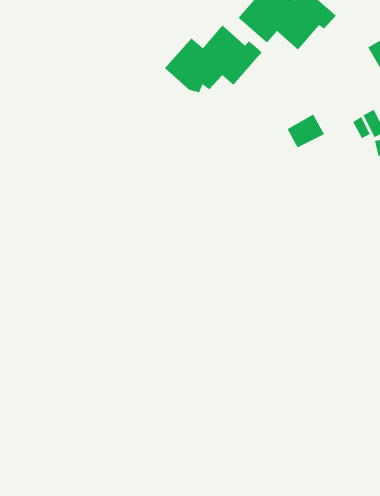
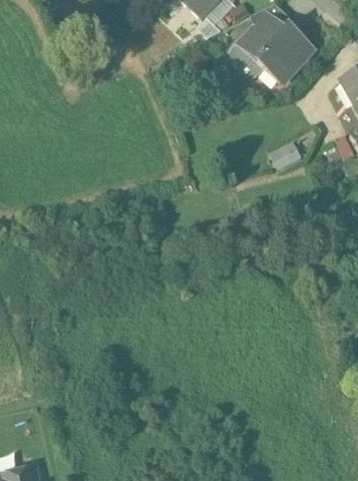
building: [164,25,263,93] -> none

